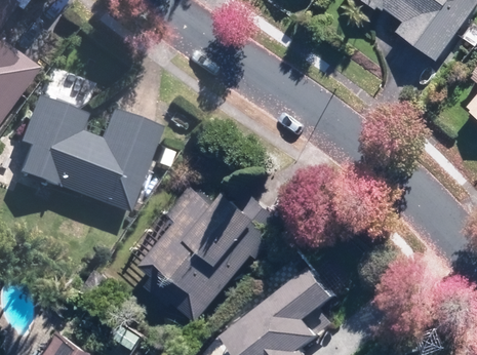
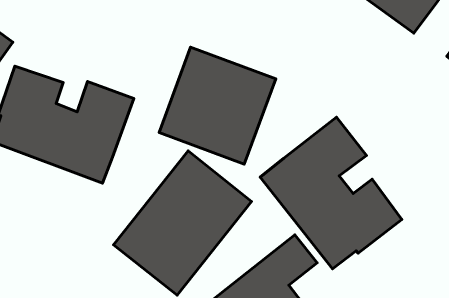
building: none -> [159,47,276,164]
building: none -> [260,117,402,269]

